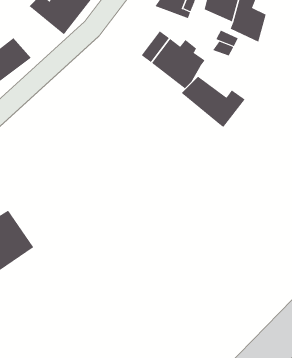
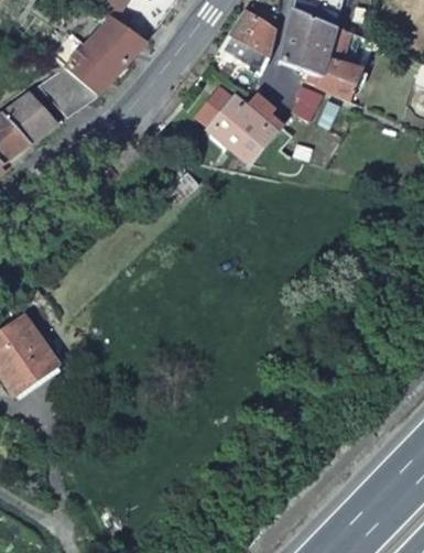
building: none -> [37,54,98,110]
building: [181,76,246,128] -> none

